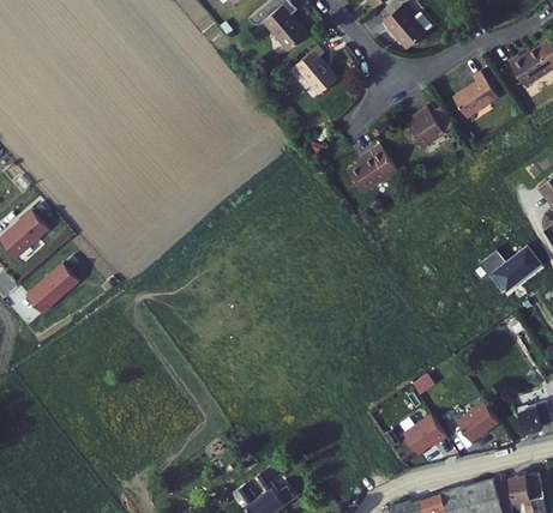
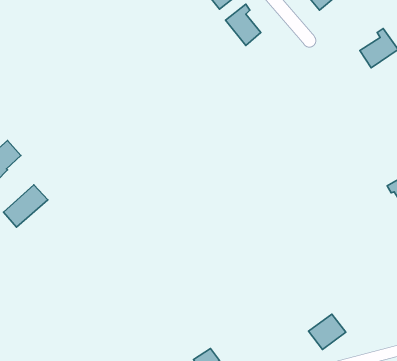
building: [407,109,444,150] -> none
building: [348,146,397,195] -> none
building: [446,402,491,443] -> none

